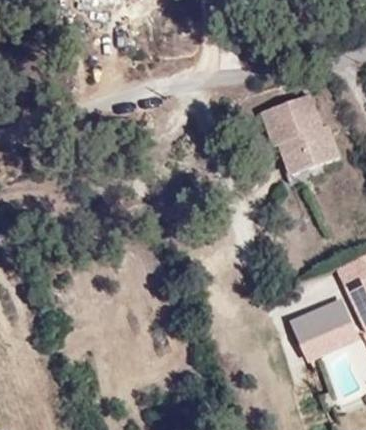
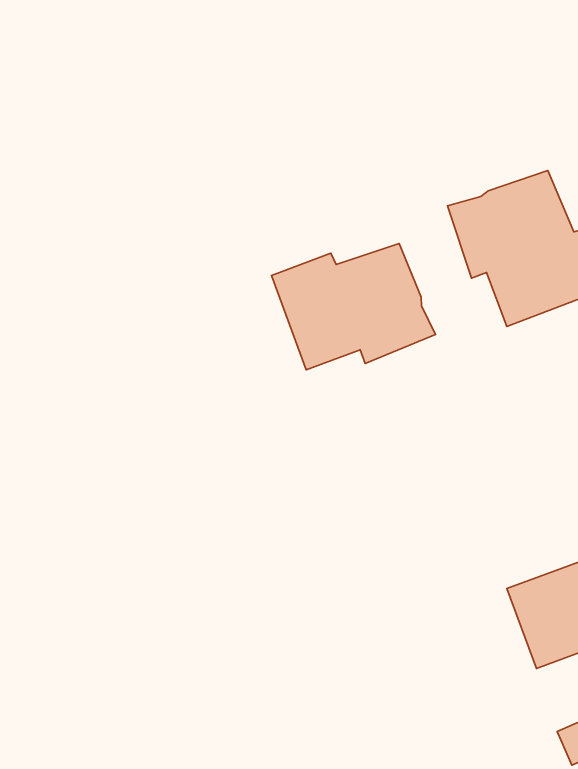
building: none -> [271,244,436,370]

